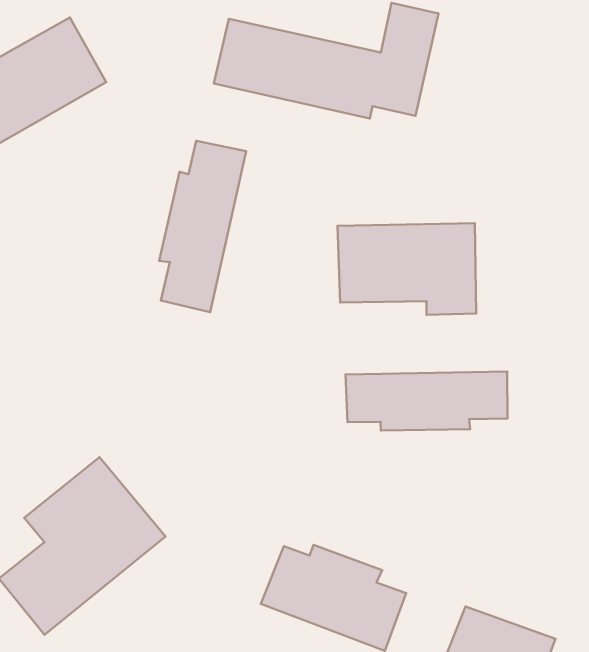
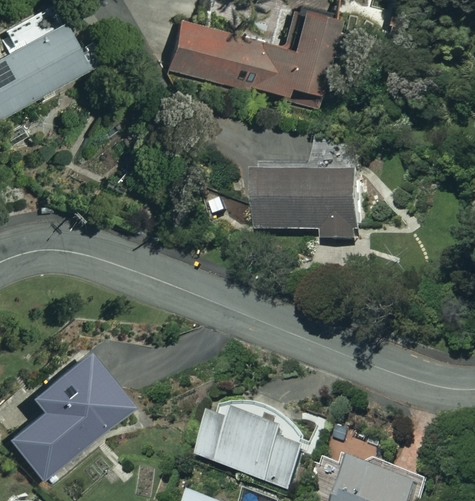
building: [159,141,246,312] -> none
building: [345,371,508,431] -> none

